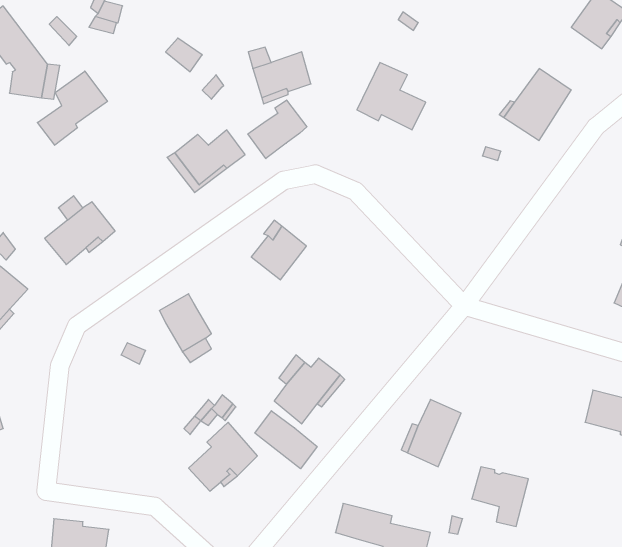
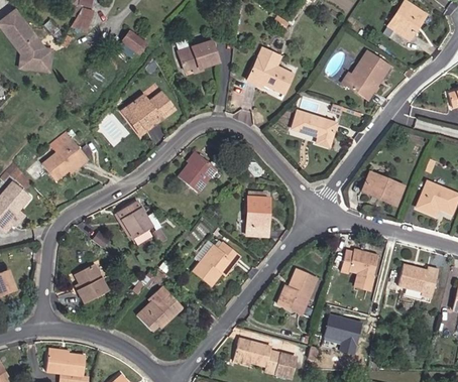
building: [37,71,107,145] -> none
building: [248,100,307,159] -> none
building: none -> [294,111,336,145]
building: none -> [363,171,403,205]
building: none -> [246,196,269,235]
building: none -> [340,248,378,288]
building: none -> [76,263,110,302]
building: [255,411,317,469] -> none

